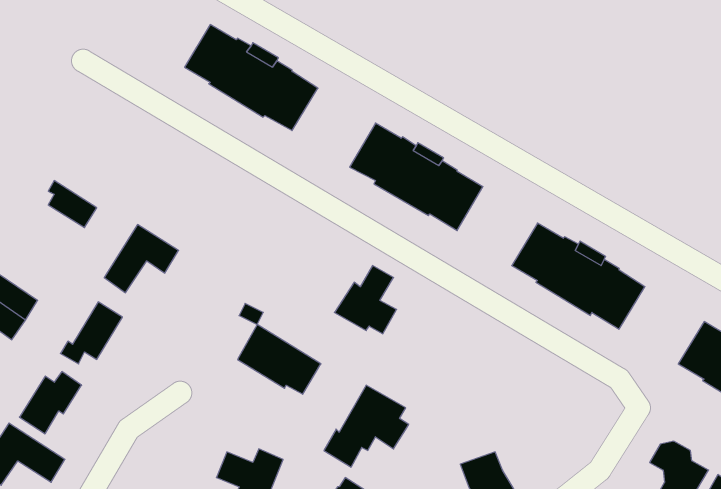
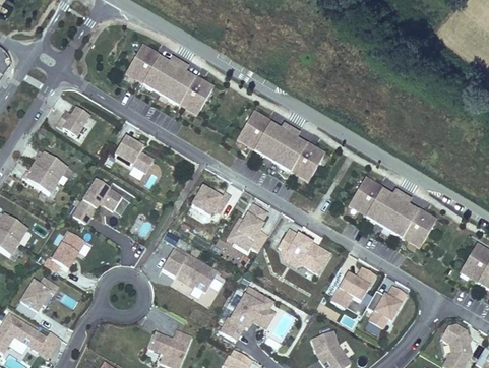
building: none -> [55,106,89,136]
building: none -> [114,135,154,173]
building: none -> [21,165,59,193]
building: none -> [191,184,232,216]
building: none -> [278,228,331,273]
building: none -> [331,267,375,308]
building: none -> [366,287,405,329]

